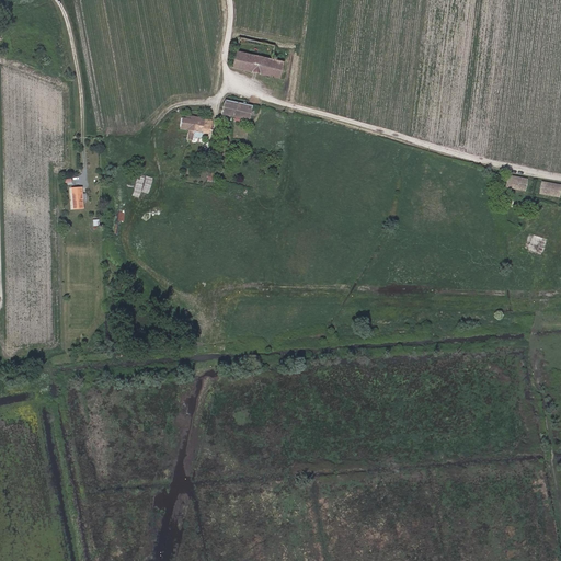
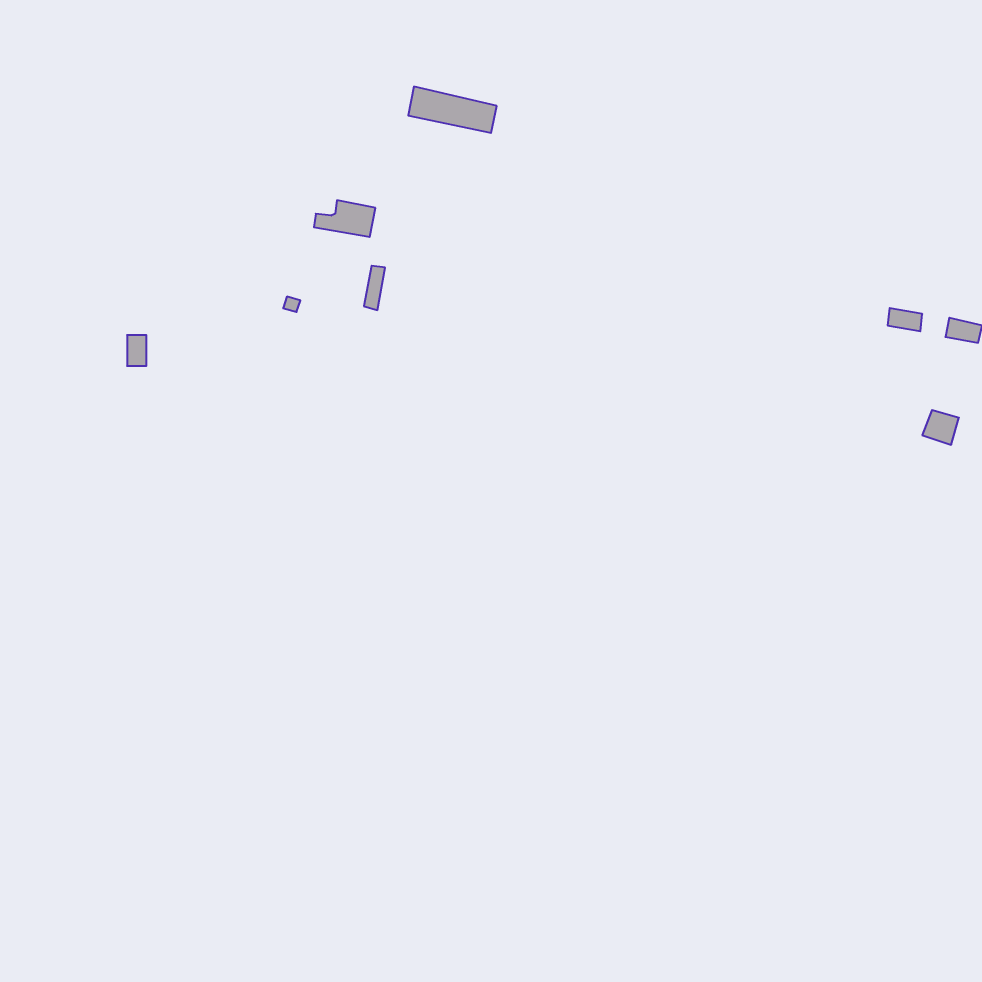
building: [221,99,256,119] -> none

